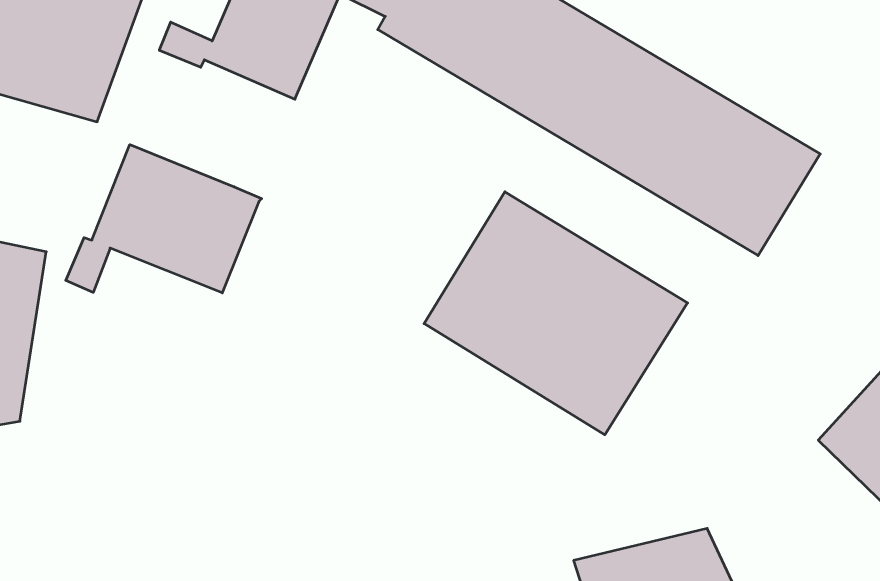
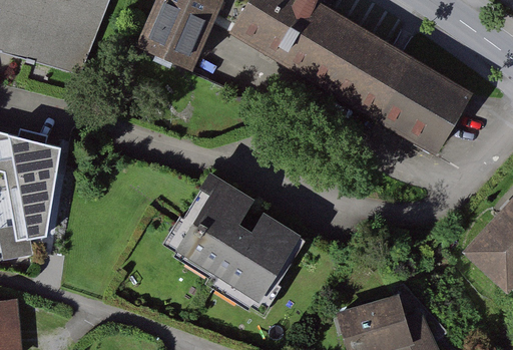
building: [66,145,262,293] -> none
building: [424,192,688,435] -> [164,176,305,305]

